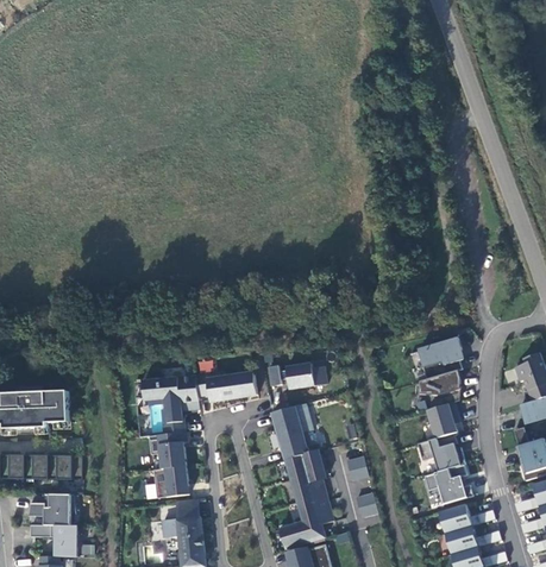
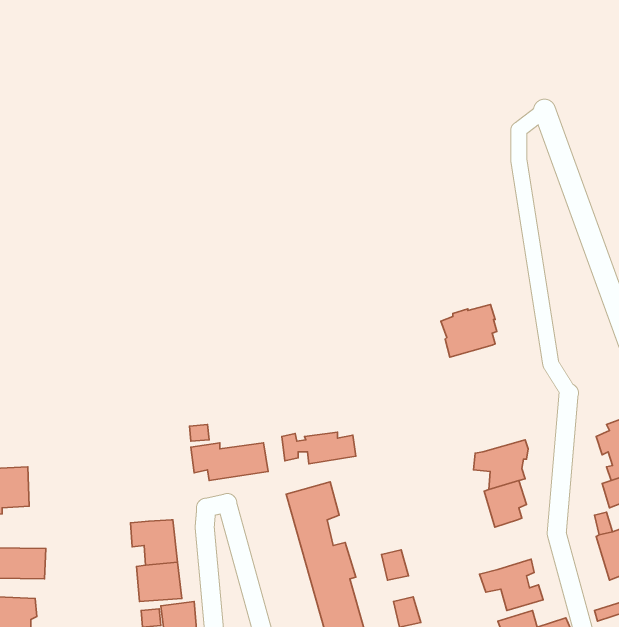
building: [419,338,463,379] -> [441,304,497,357]
building: [142,376,200,434] -> none
building: [418,433,465,472] -> none

